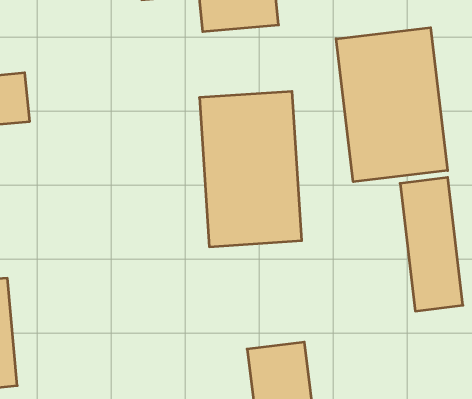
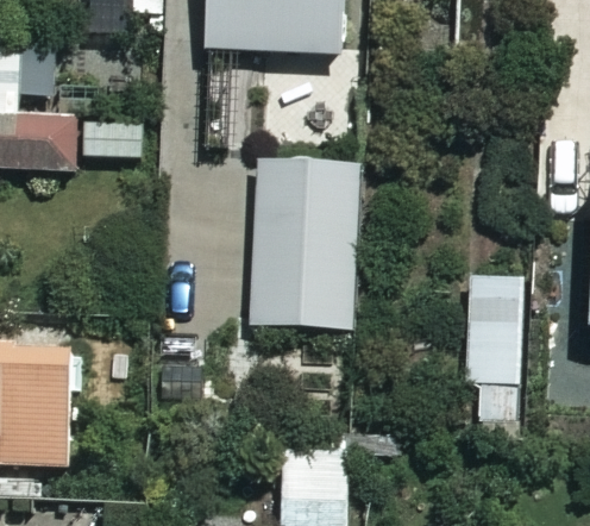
building: [336,28,448,182] -> none

